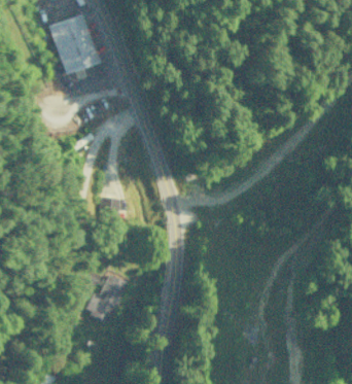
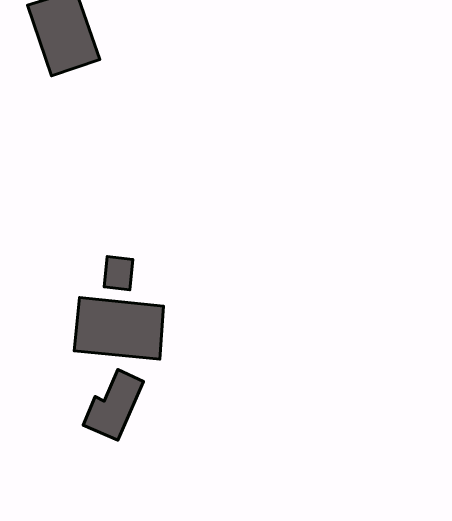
building: none -> [74,297,164,359]

